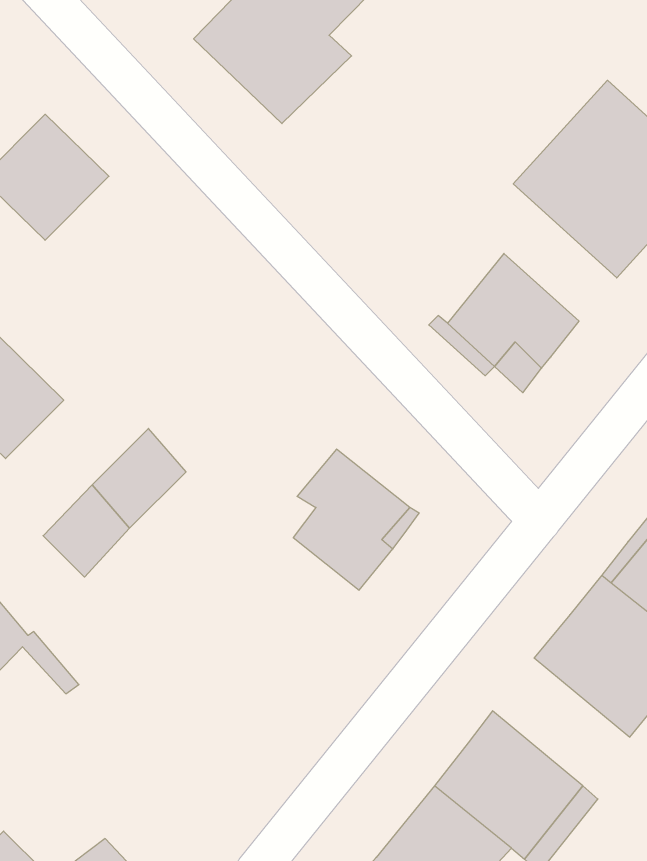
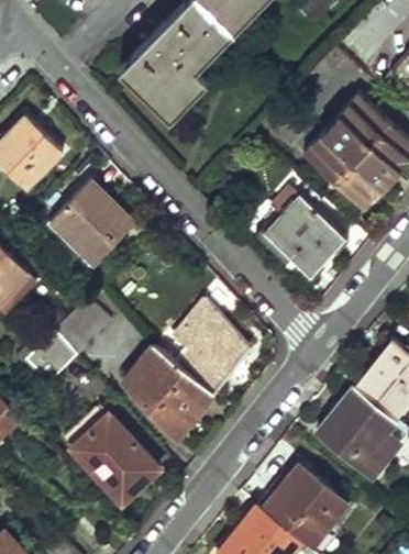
building: none -> [49,181,126,263]
building: none -> [125,345,212,437]
building: none -> [70,418,158,506]

